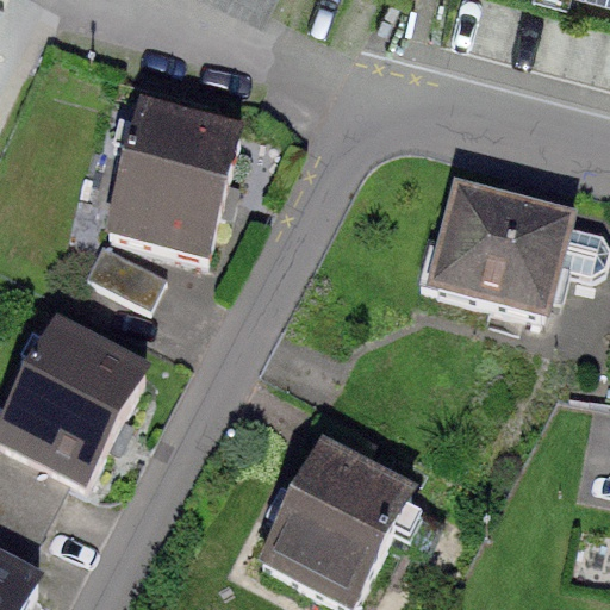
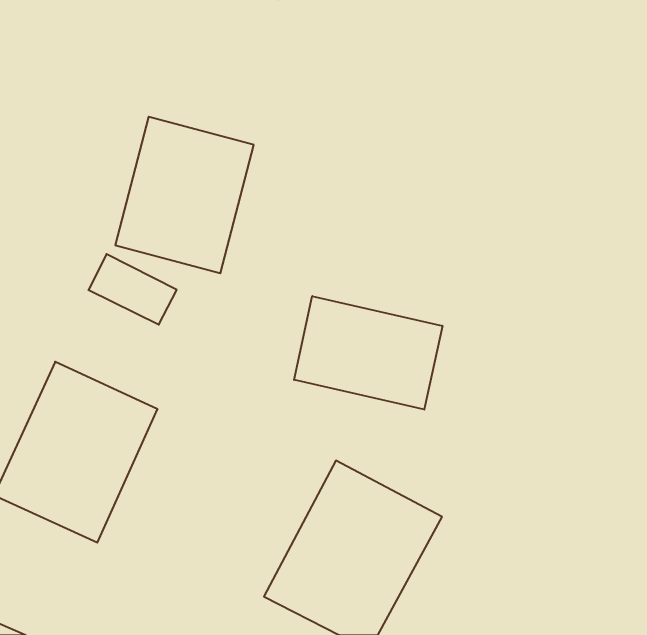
building: [424,206,580,341] -> none
building: none -> [294,296,442,410]

